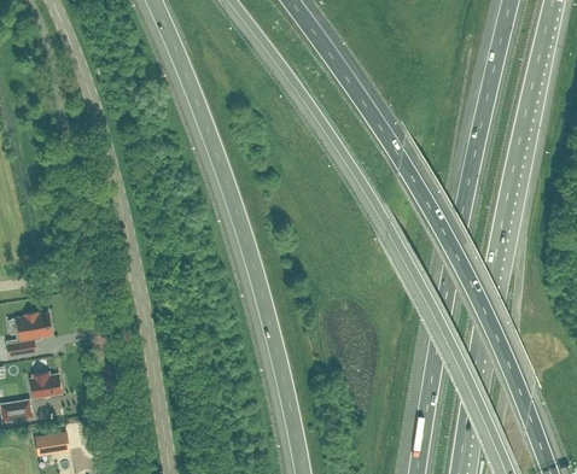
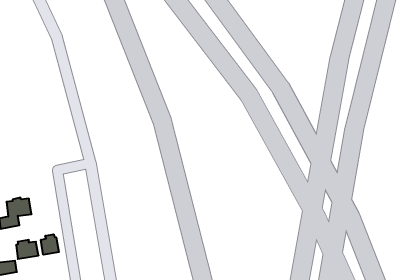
building: none -> [41,234,59,255]

